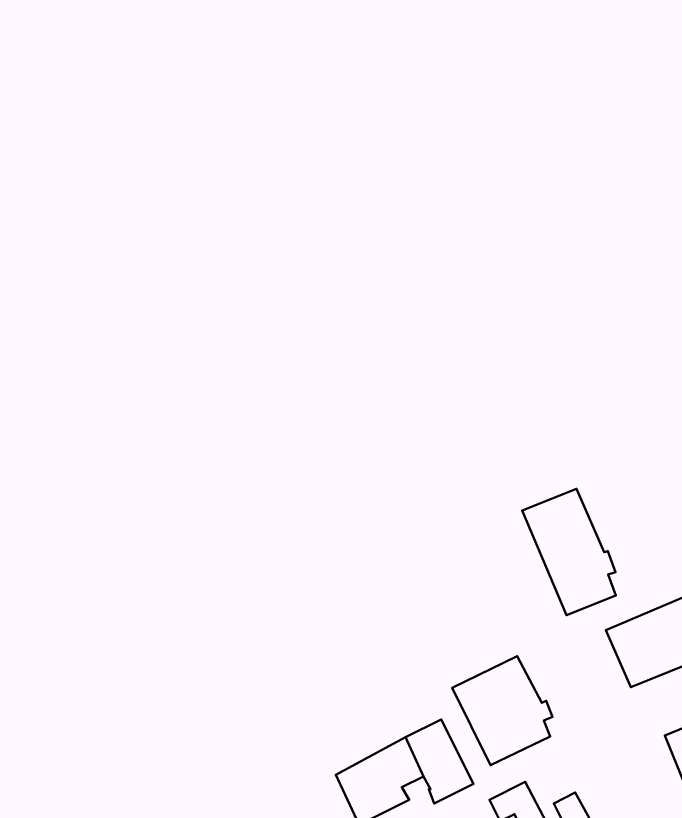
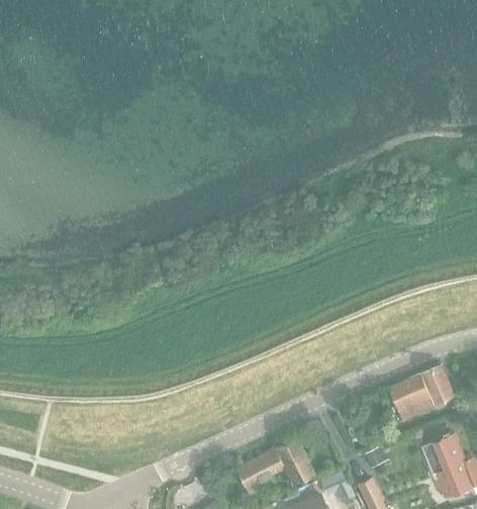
building: [522,489,616,615] -> none
building: [452,656,552,765] -> none

